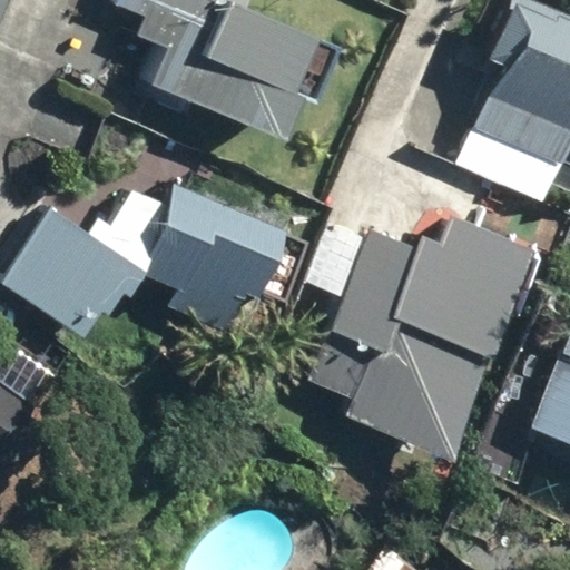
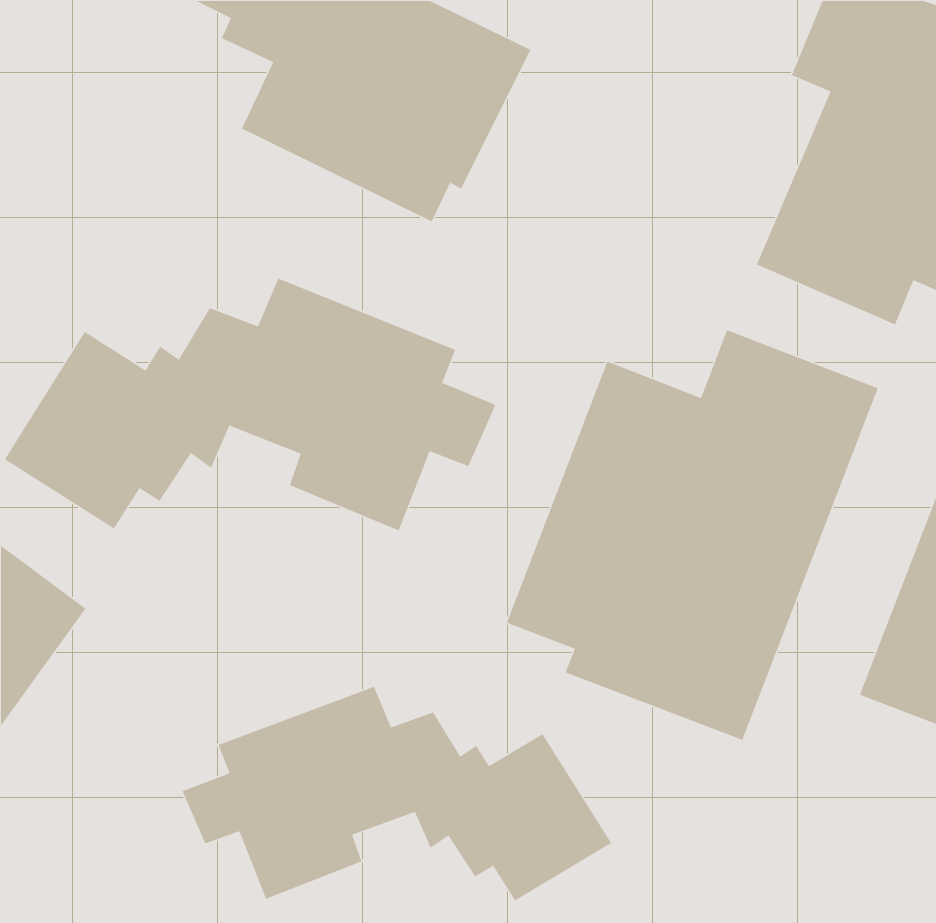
building: none -> [181,686,612,901]

